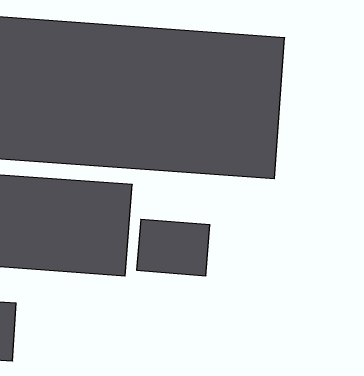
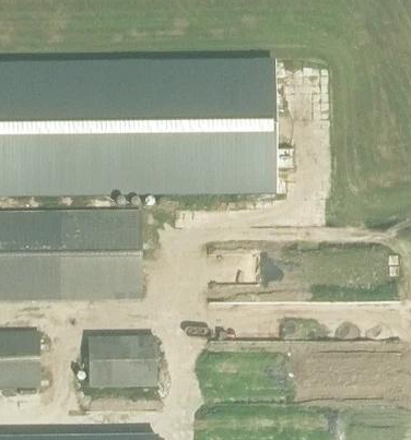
building: [137,219,210,276] -> [92,335,157,383]

